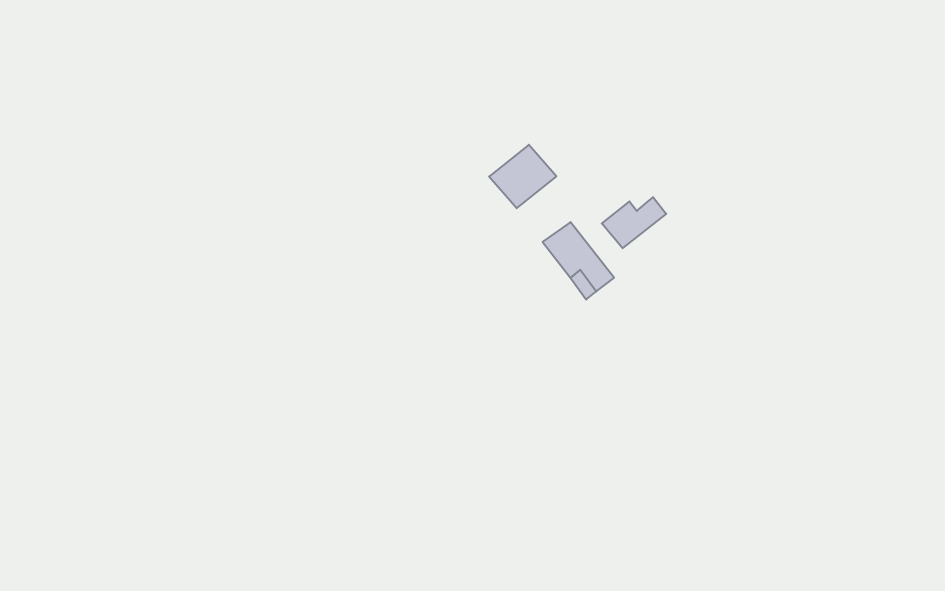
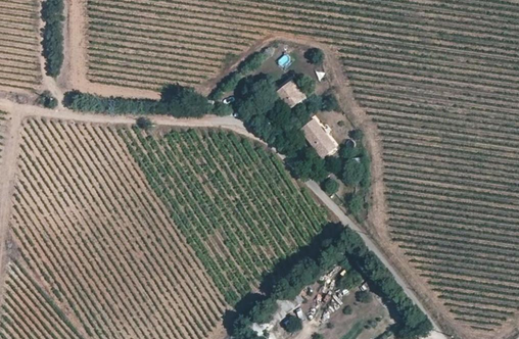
building: [602,197,666,248] -> none

